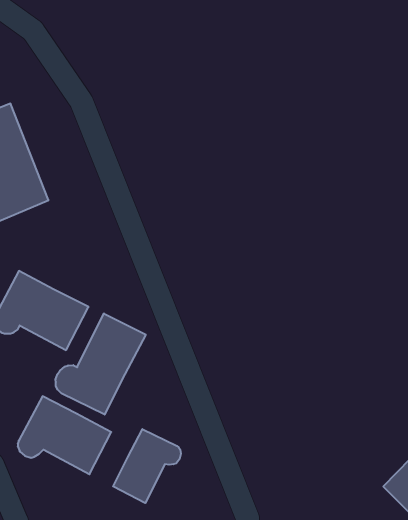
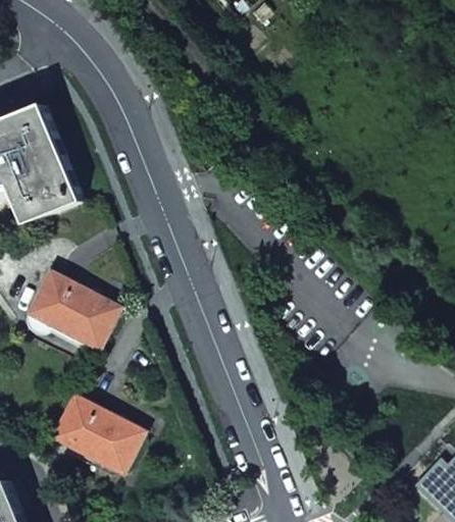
building: [56,313,146,415] -> none
building: [113,429,181,503] -> none

